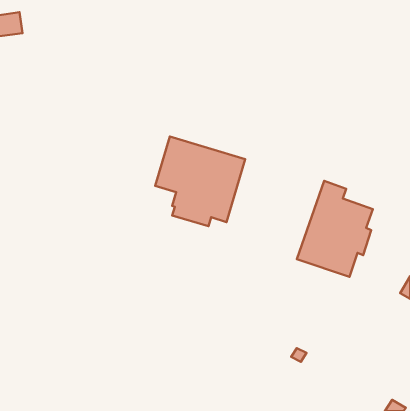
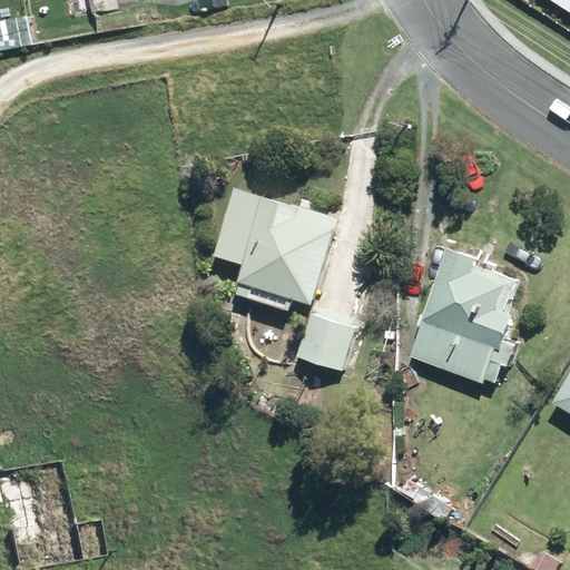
building: none -> [298,314,356,371]

